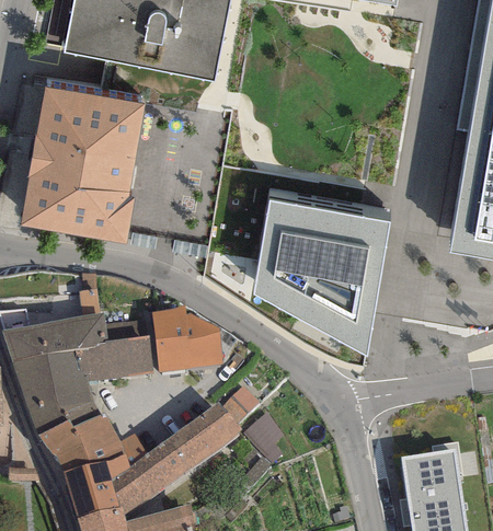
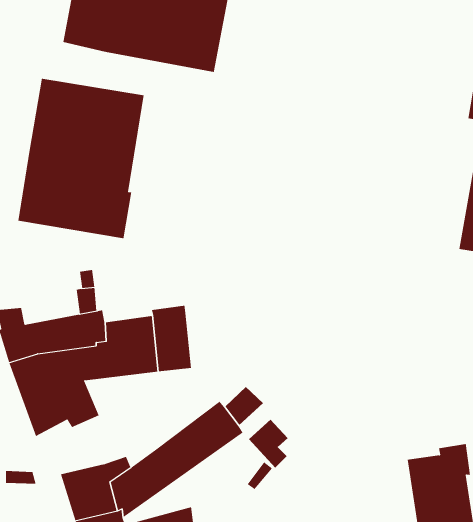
building: [252,200,389,354] -> none
building: [185,312,221,368] -> none
building: [38,414,156,471] -> none

